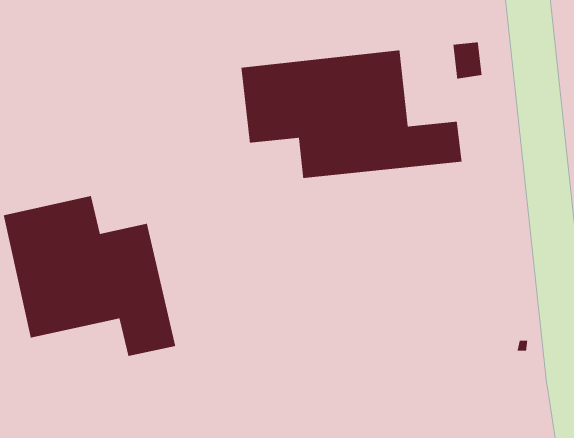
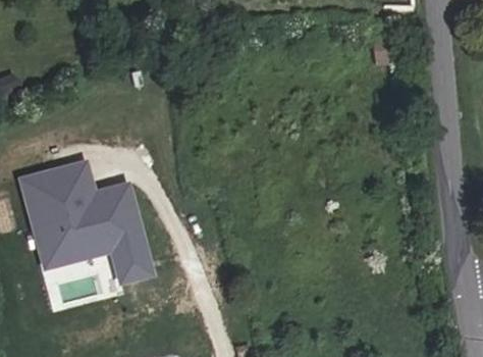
building: [241,49,462,179] -> none

